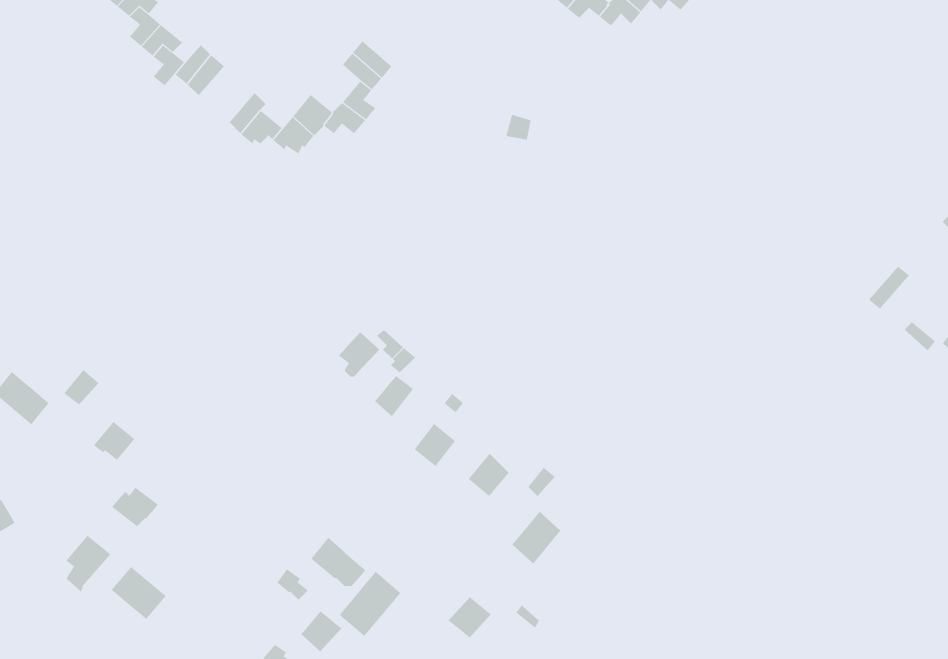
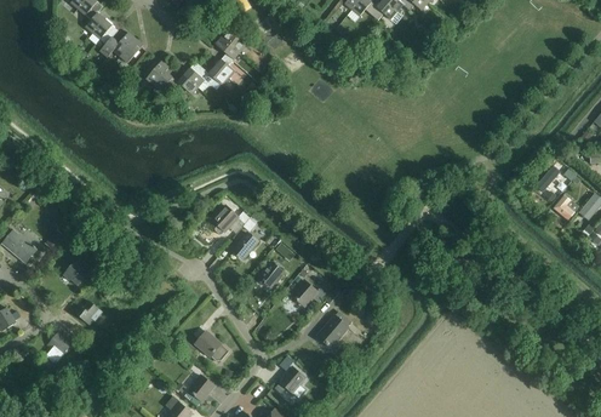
building: [111,566,167,620] -> none
building: [339,571,401,637] -> none

